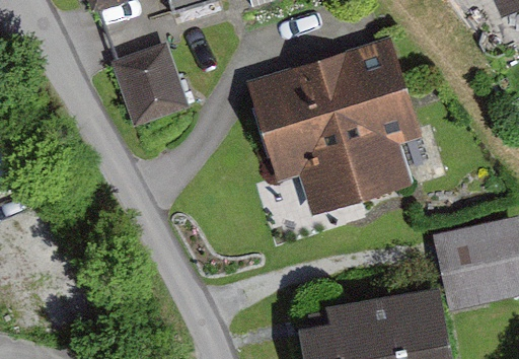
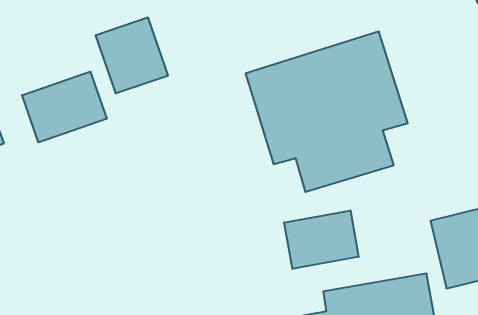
building: none -> [22,72,107,142]
building: none -> [284,210,359,269]

